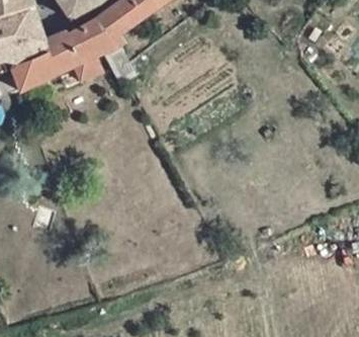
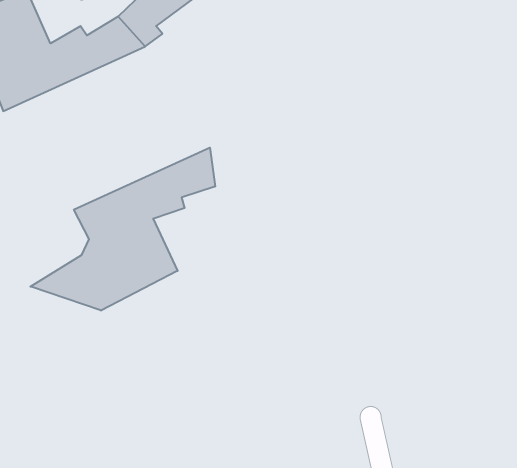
building: none -> [30,148,215,311]

